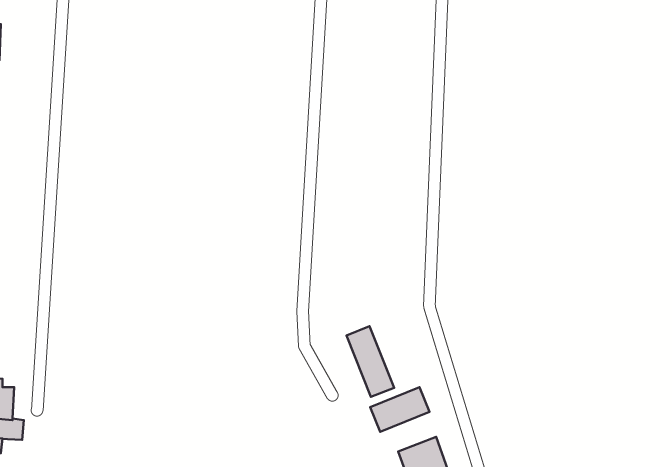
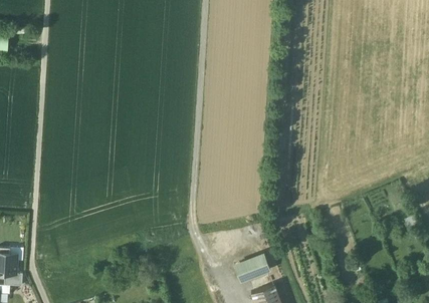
building: [346,326,394,397] -> none

